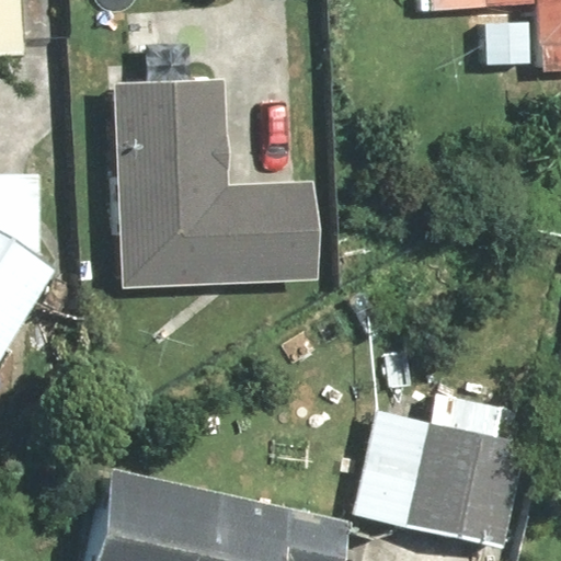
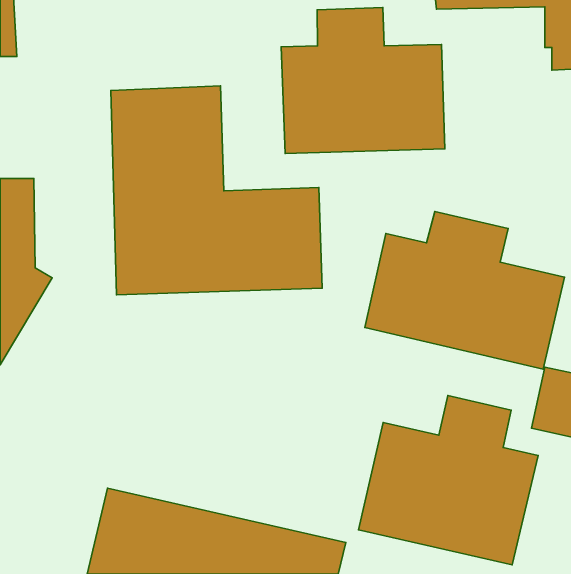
building: none -> [281,8,445,153]
building: none -> [365,211,564,369]

